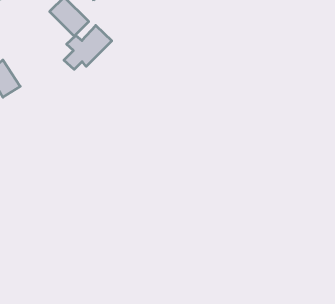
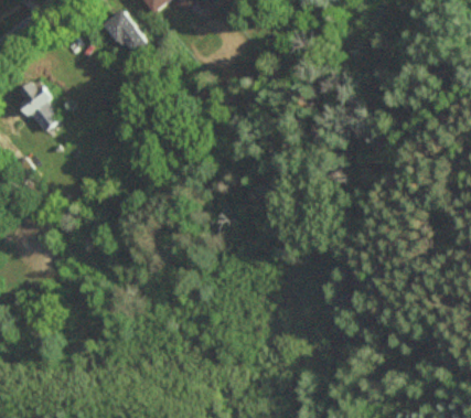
building: [64,25,112,69] -> none

